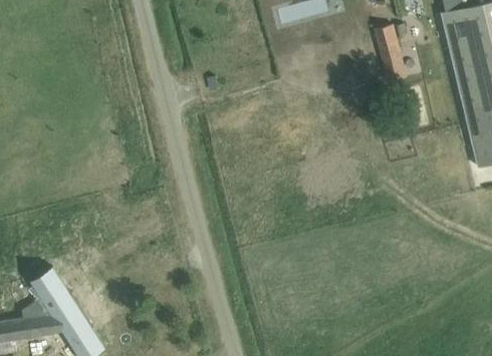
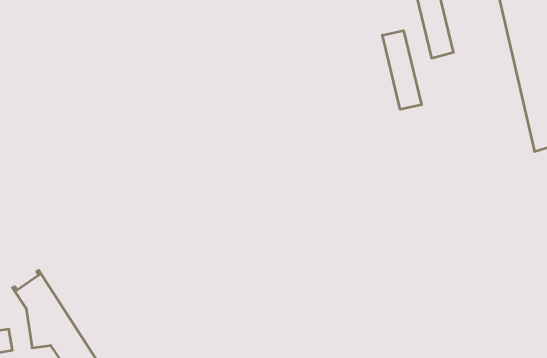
building: none -> [382,31,421,109]

